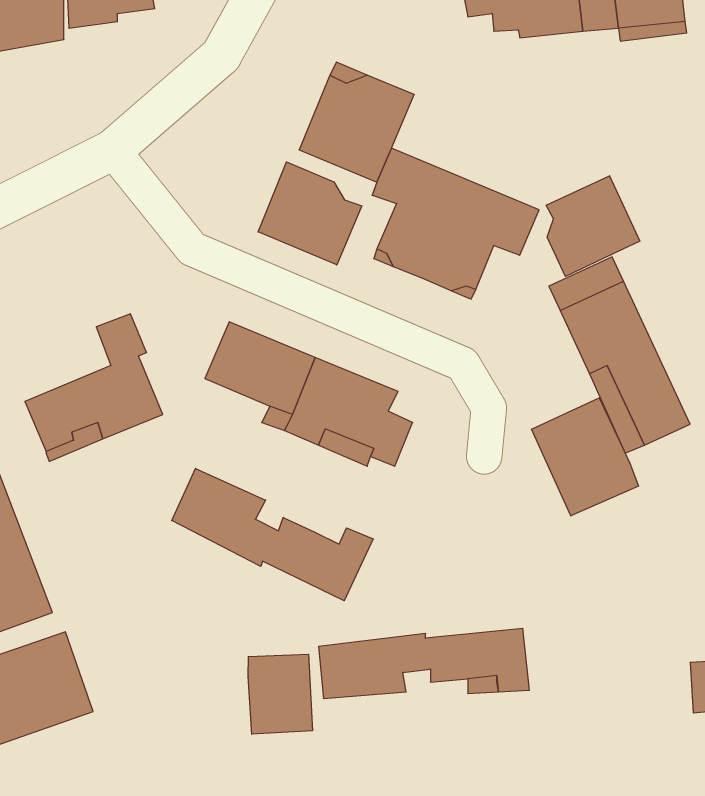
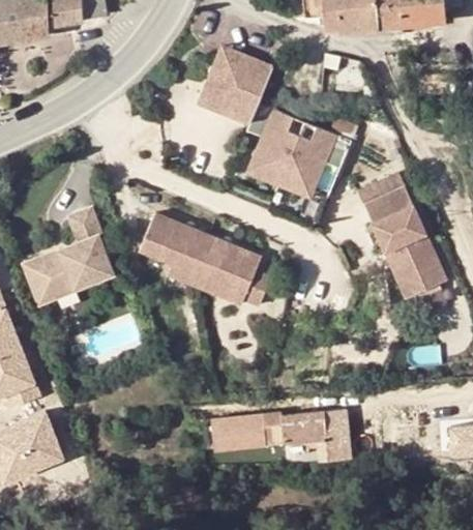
building: [258,162,362,265] -> none
building: [546,176,640,276] -> none
building: [532,398,639,516] -> none
building: [172,468,373,601] -> none
building: [248,654,312,734] -> none

